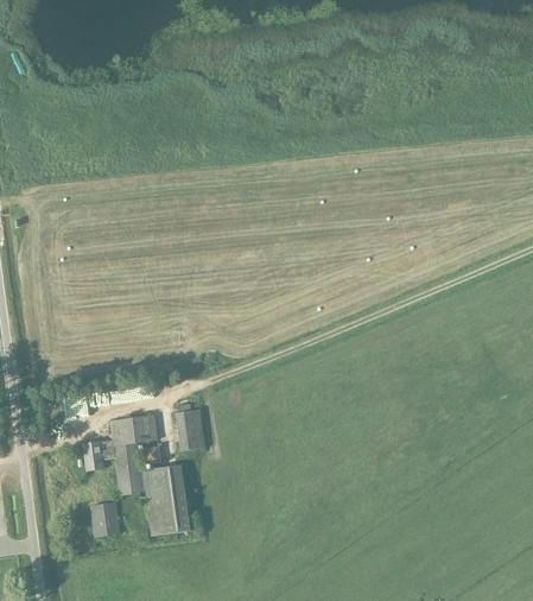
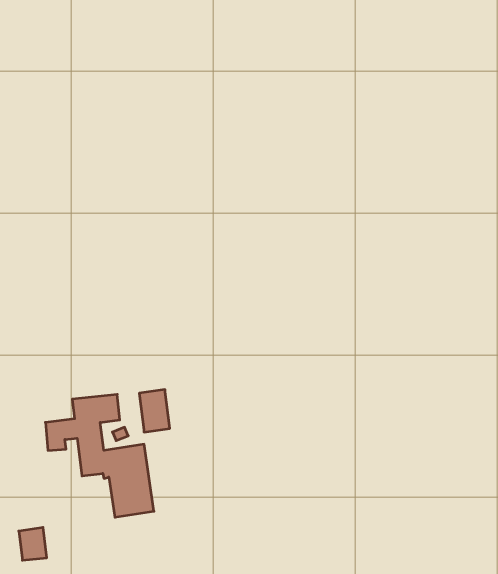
building: [91,502,119,534] -> [19,527,47,560]

